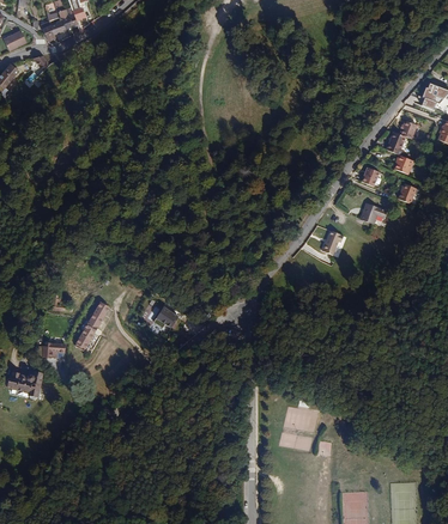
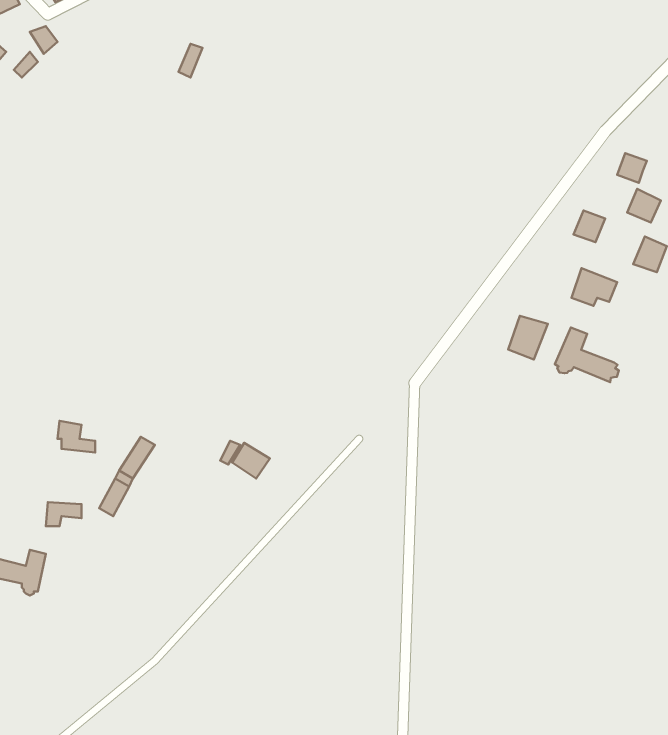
building: none -> [555,328,619,382]

